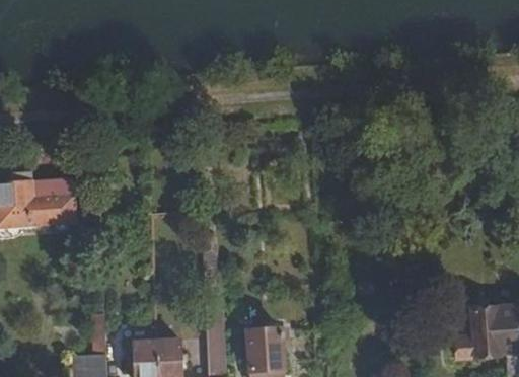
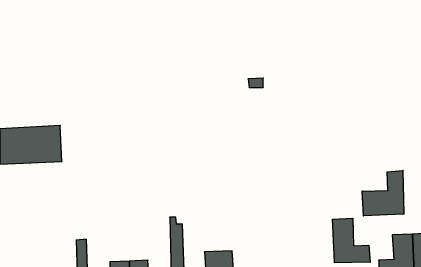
building: none -> [362,170,404,216]
building: none -> [333,218,370,263]

